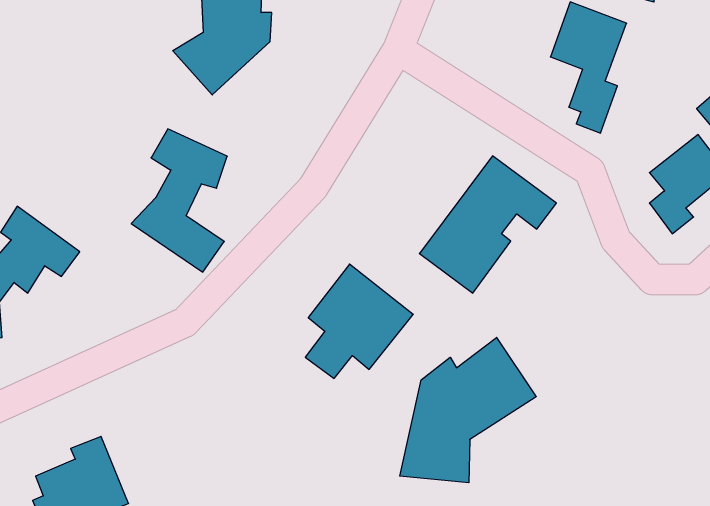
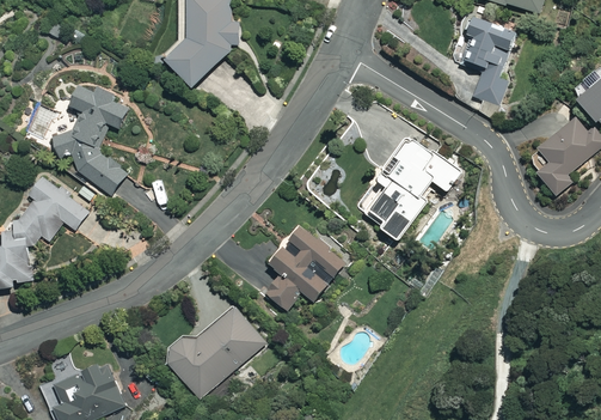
building: [131,129,227,272] -> [51,79,127,191]
building: [400,337,536,483] -> none
building: none -> [165,306,266,400]

